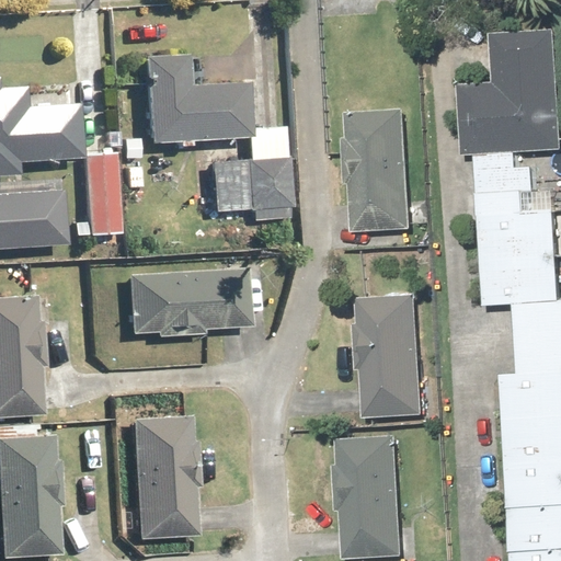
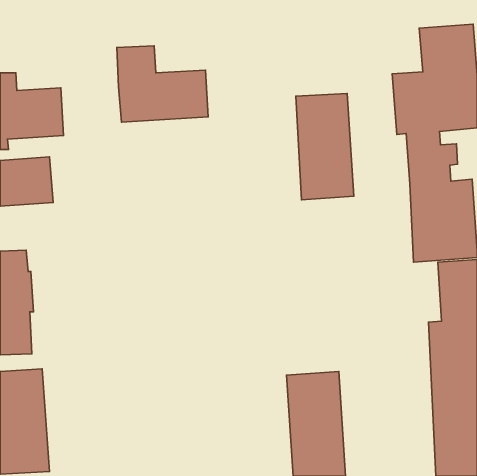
building: [80,152,115,234] -> none
building: [206,157,286,219] -> none
building: [121,266,247,337] -> none
building: [357,295,425,421] -> none
building: [126,414,193,539] -> none

